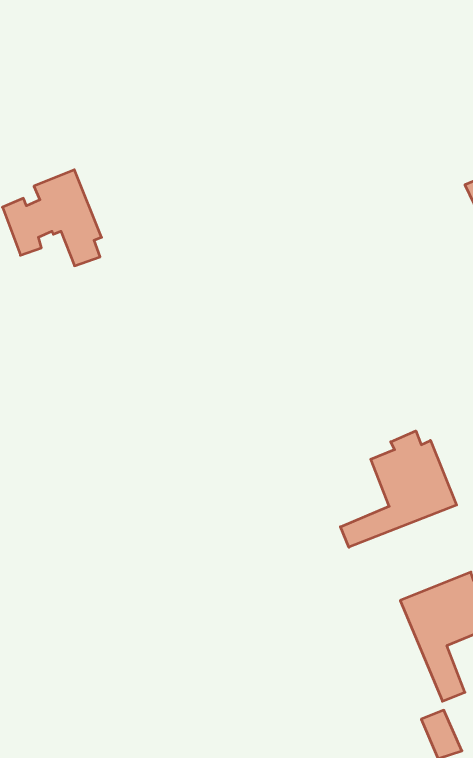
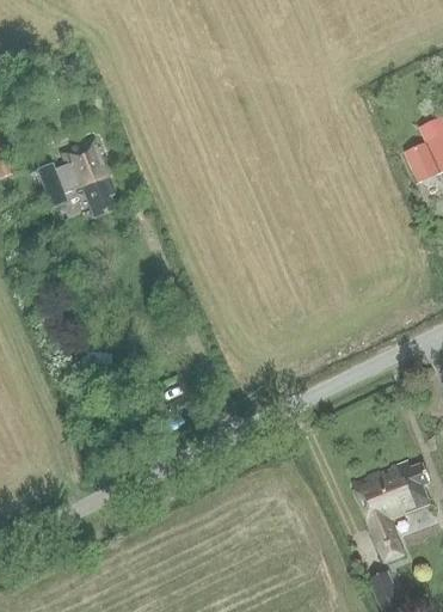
building: [340,431,457,547] -> none

